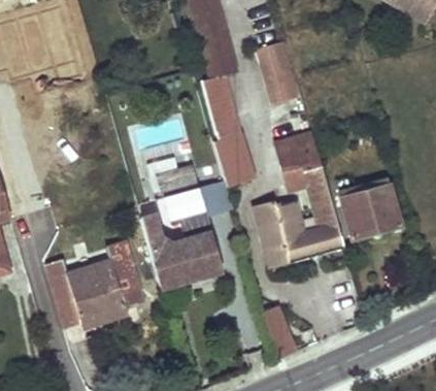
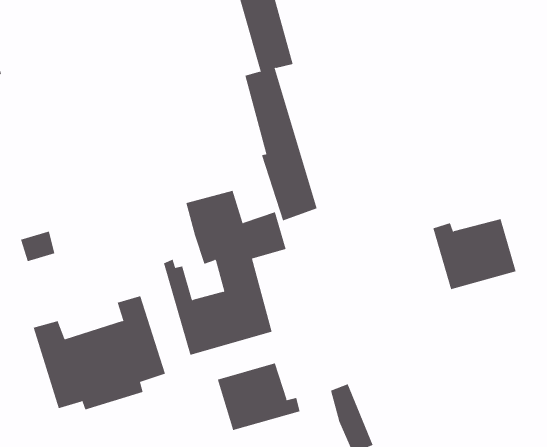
building: [258,31,297,104] -> none
building: [255,132,345,267] -> none
building: none -> [217,362,300,431]

